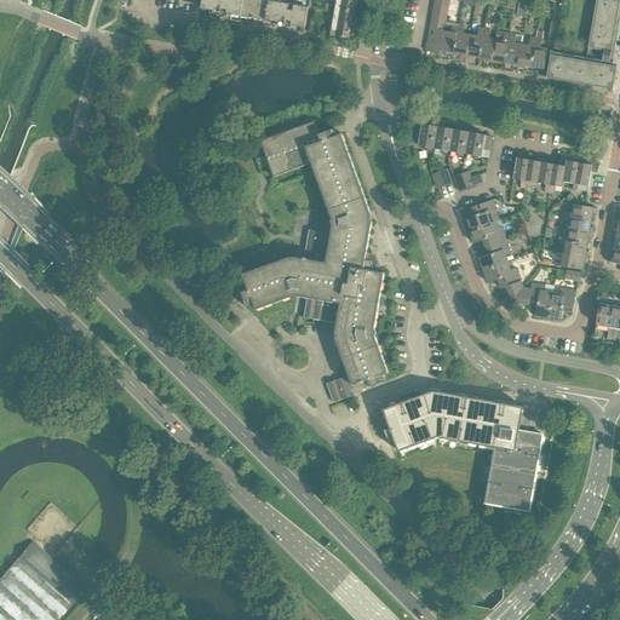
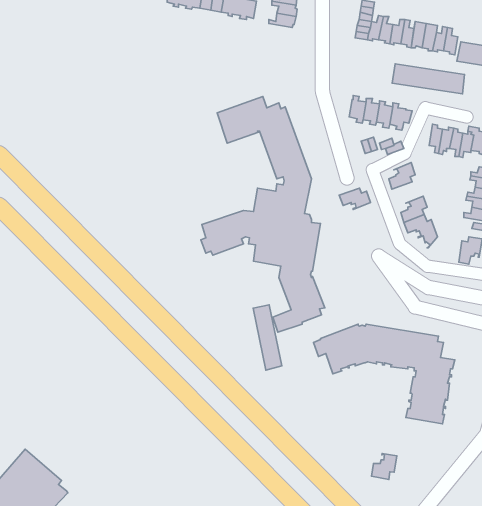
building: none -> [392,64,464,94]
building: [467,222,505,247] -> [339,188,371,210]
building: [511,282,551,317] -> none
building: none -> [253,305,282,370]
building: none -> [372,454,397,479]

